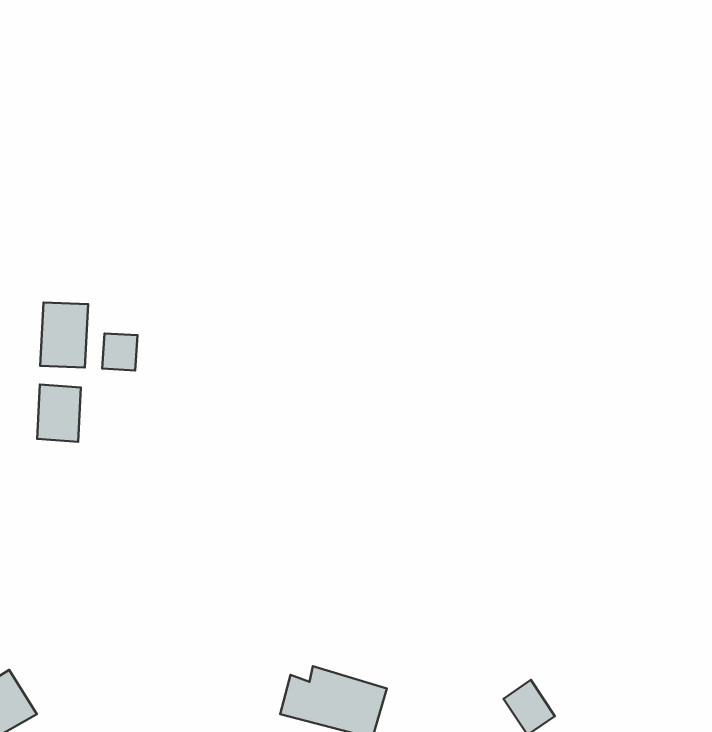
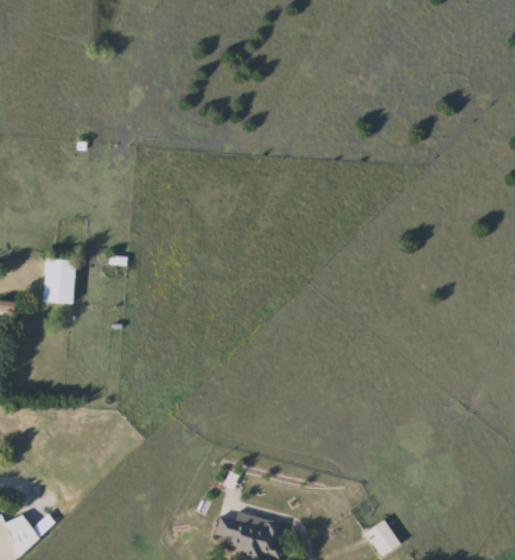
building: [102,334,137,370] -> none
building: [37,385,81,442] -> none

